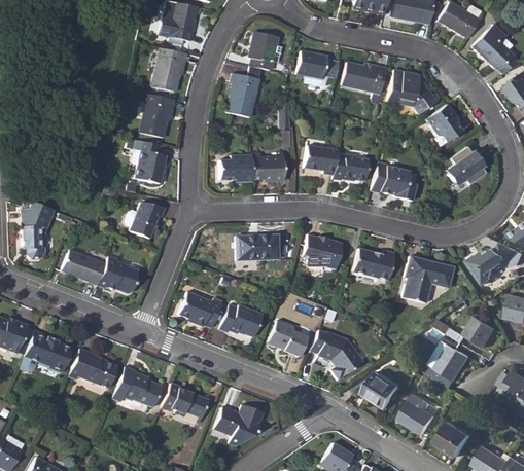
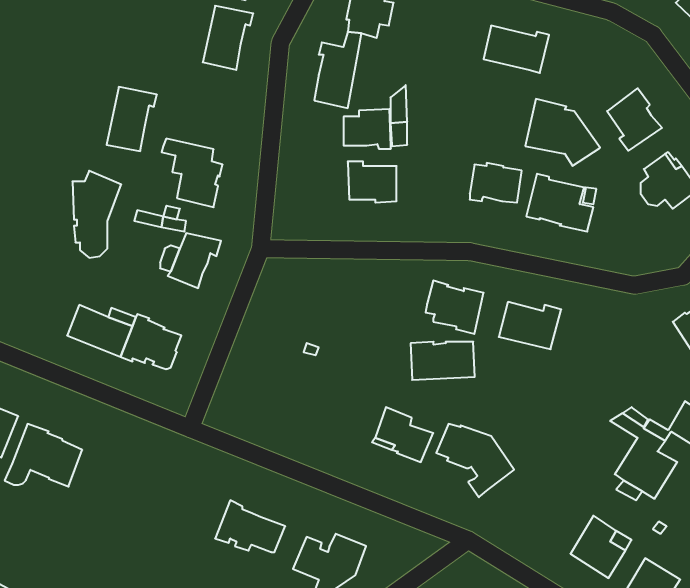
building: [296,50,340,88] -> none
building: [387,69,438,114] -> [525,99,600,166]
building: [141,94,175,137] -> [107,87,157,151]
building: [305,145,338,175] -> none
building: [220,154,252,181] -> [344,109,391,149]
building: [22,201,55,259] -> [72,171,121,258]
building: [236,234,279,260] -> [411,342,475,380]
building: [403,256,454,302] -> none
building: [178,291,222,327] -> none
building: [219,304,264,337] -> none
building: [69,349,117,388] -> none
building: [113,366,162,407] -> none
building: [365,371,404,408] -> none

